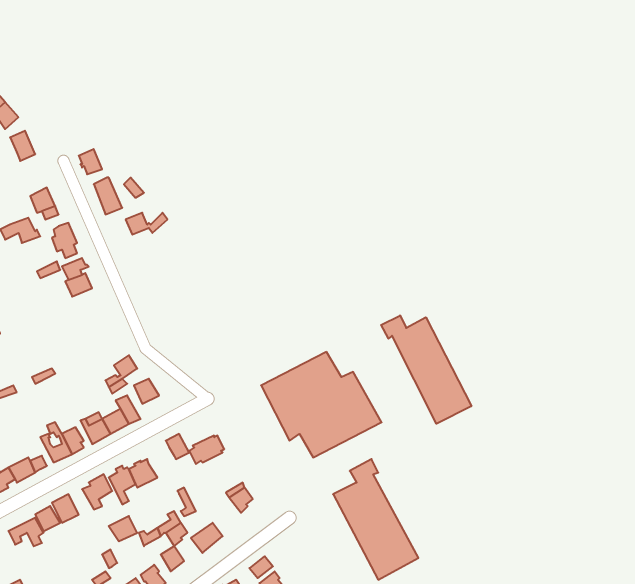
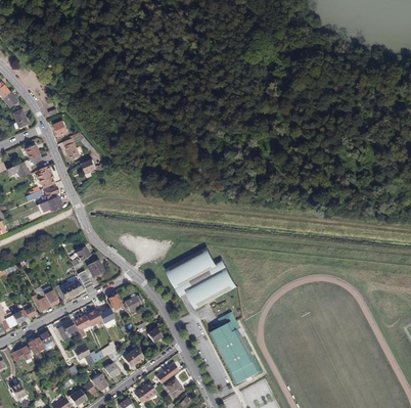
building: [381,315,471,424] -> none

